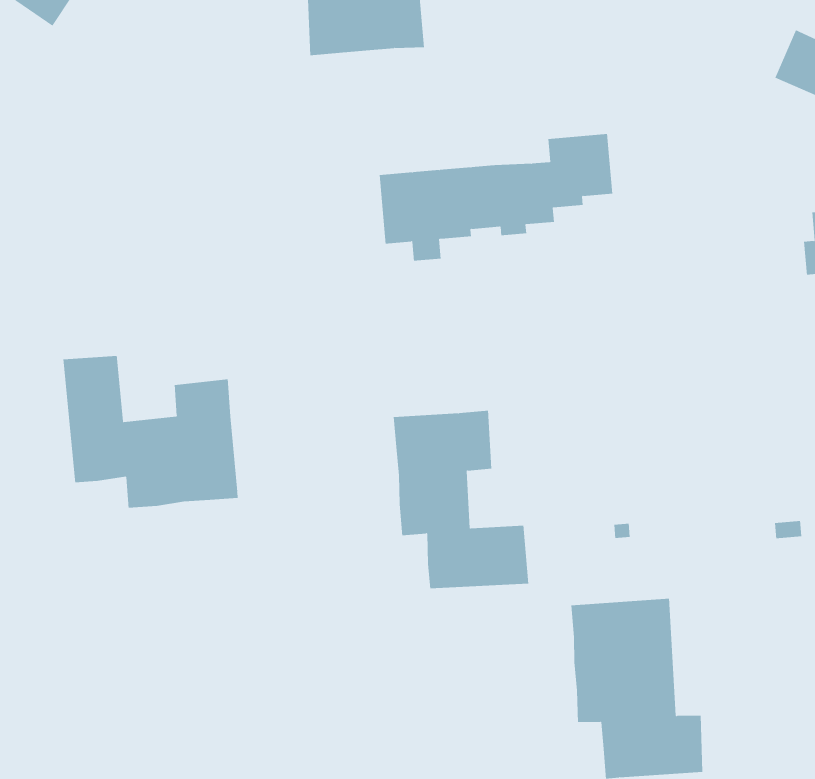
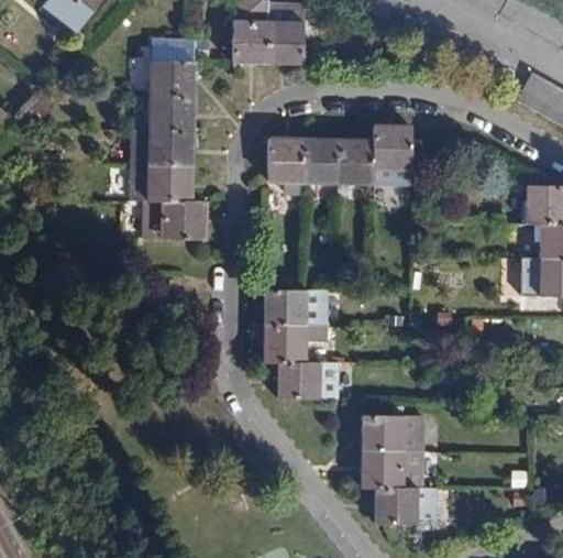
building: none -> [132,32,207,240]
building: [63,355,238,508] -> none

